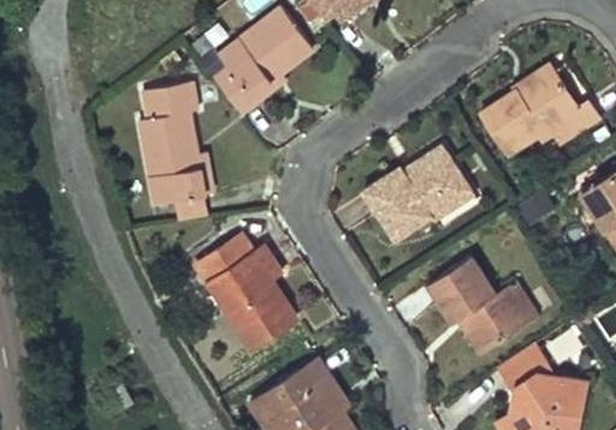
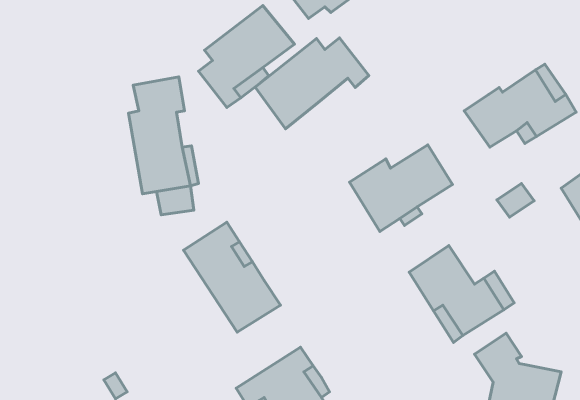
building: none -> [255,38,369,129]

